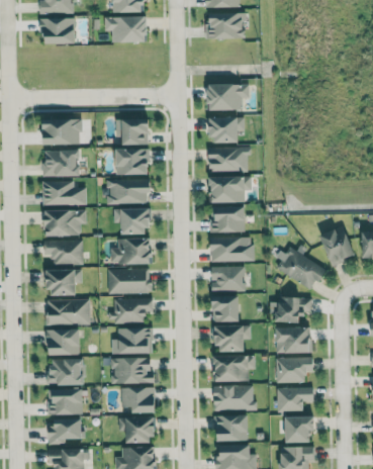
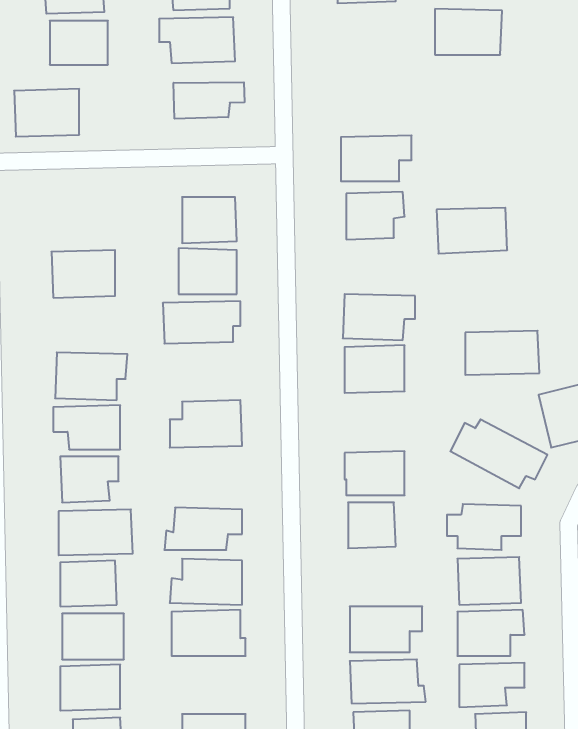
building: [206,13,245,39] -> [435,9,502,55]
building: none -> [174,82,244,119]
building: [42,119,80,147] -> [14,89,79,137]
building: [208,148,249,174] -> [437,208,507,254]
building: [41,182,86,207] -> none
building: [112,207,150,233] -> none
building: [210,237,253,262] -> [465,331,539,375]
building: [107,268,151,294] -> none
building: [216,325,250,351] -> none
building: [120,387,155,412] -> none

